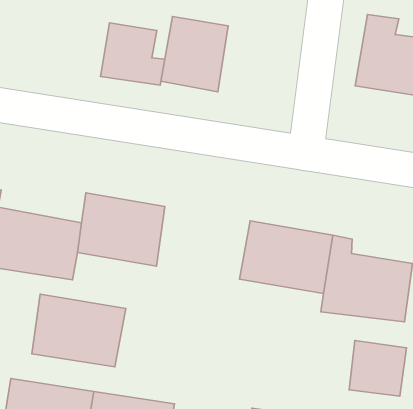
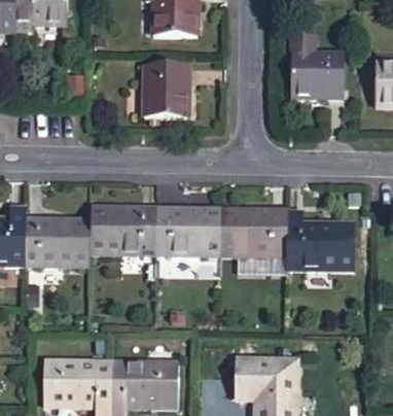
building: [101,23,165,85] -> none
building: [32,294,126,367] -> [154,208,222,256]
building: [349,340,407,396] -> none

